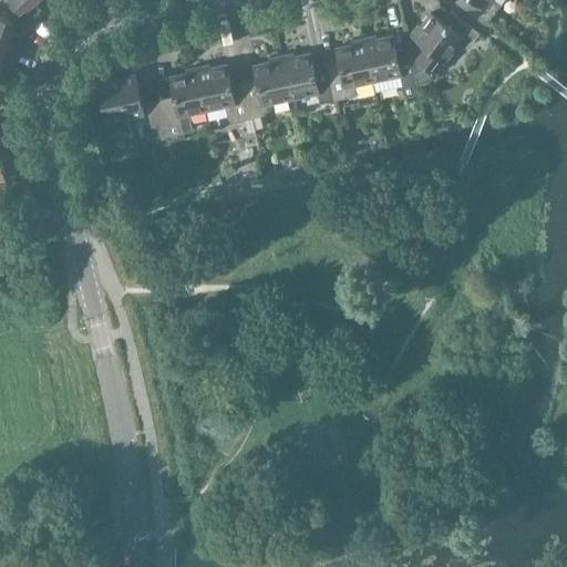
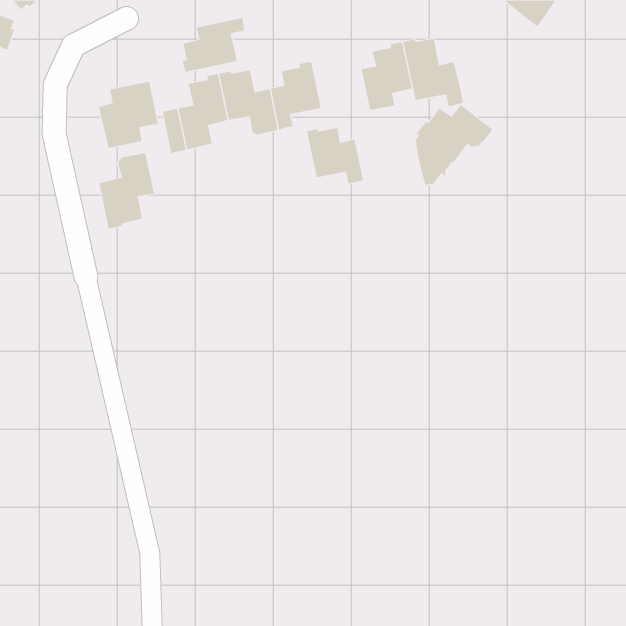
building: [408,10,478,83] -> [415,104,493,185]
building: none -> [182,17,245,73]
building: [281,53,333,104] -> [306,128,364,184]
building: none -> [99,152,155,230]

